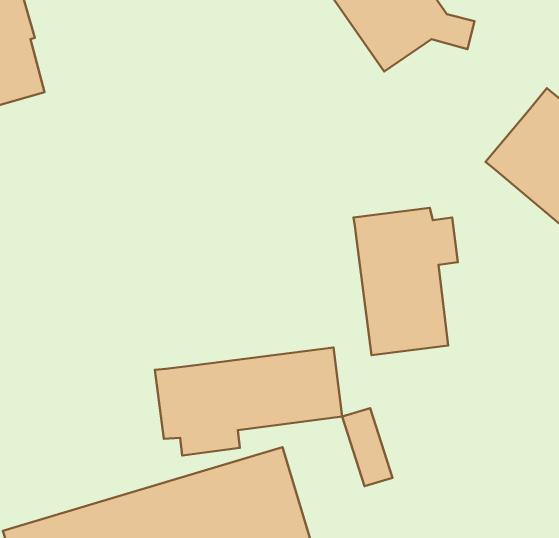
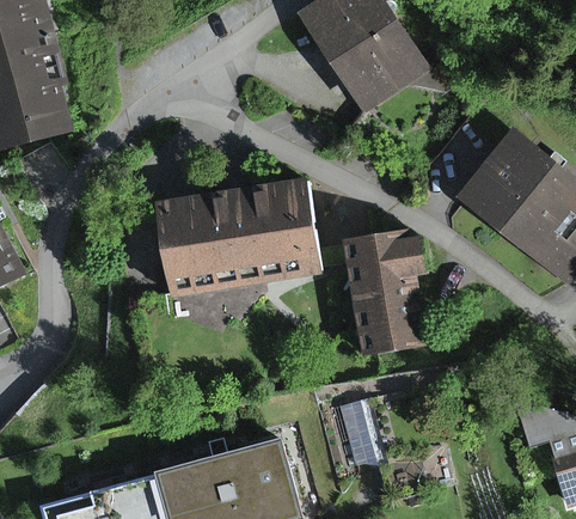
building: none -> [151,181,345,309]
building: [155,348,342,455] -> none

